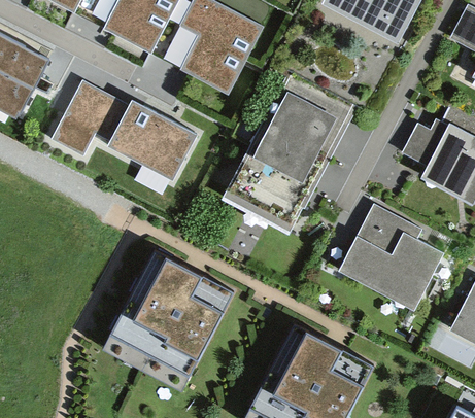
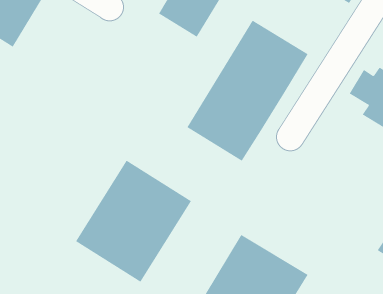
building: [52,82,199,186] -> none
building: [340,200,444,304] -> none

